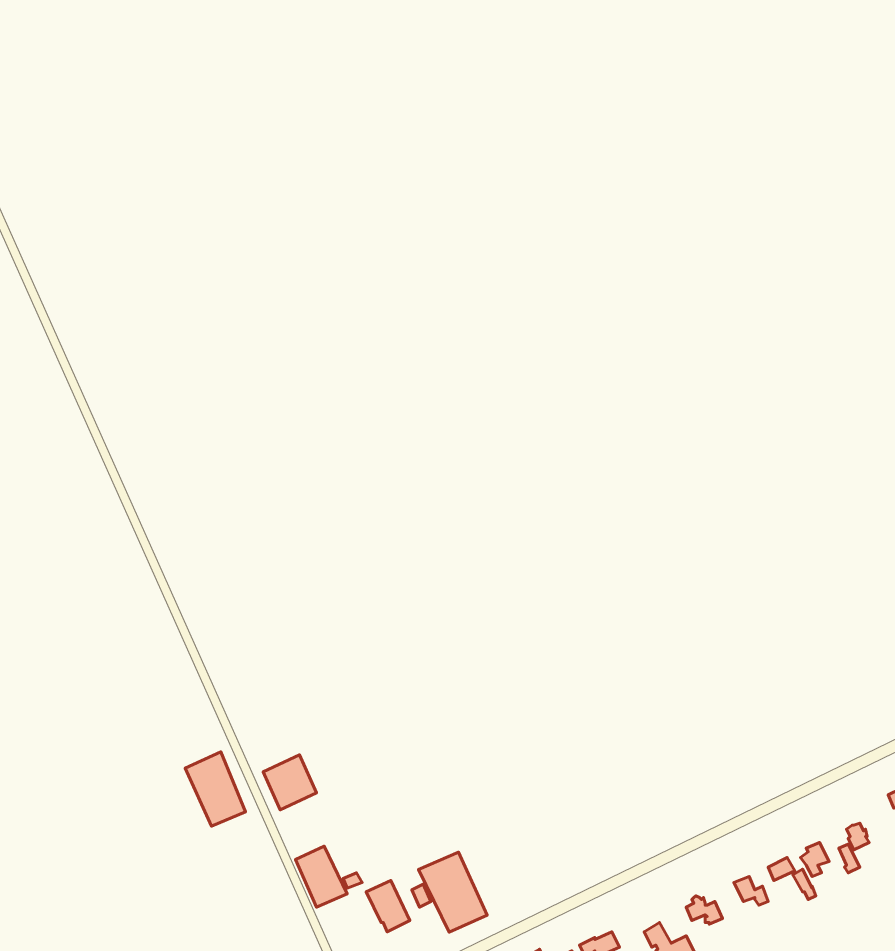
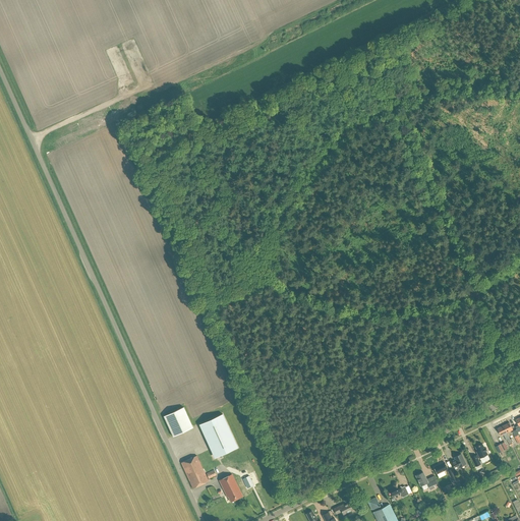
building: [185,752,245,826] -> none
building: [419,852,487,932] -> [201,415,238,458]

